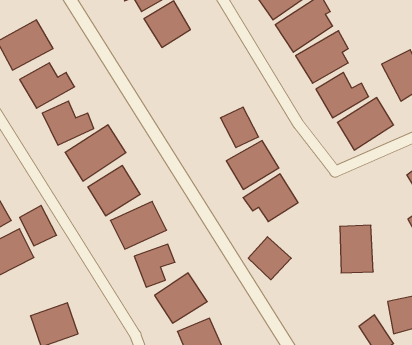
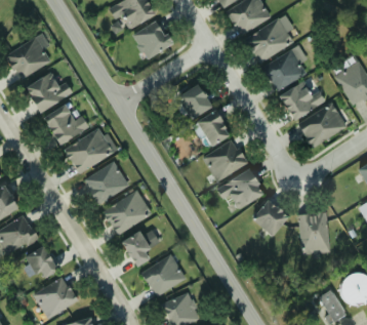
building: none -> [177,84,212,119]
building: [20,205,57,246] -> [27,245,58,280]
building: [248,237,291,280] -> [252,199,289,236]

